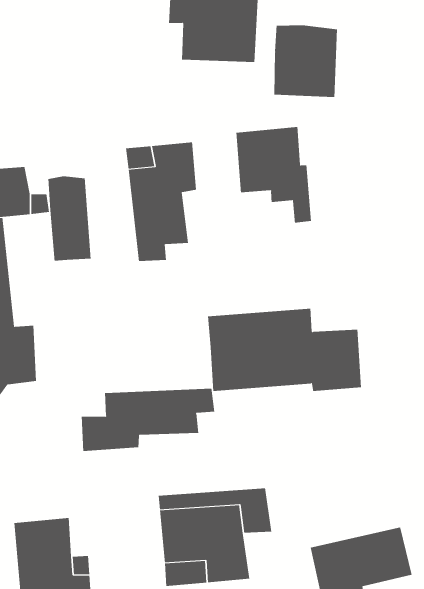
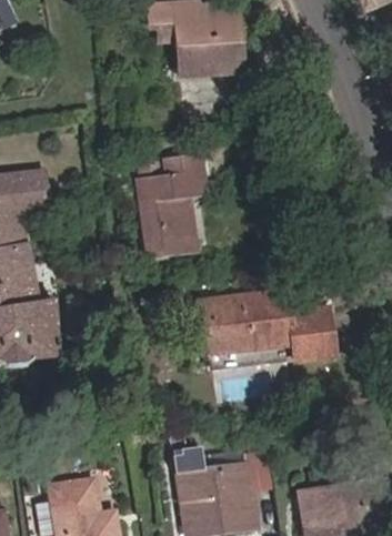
building: [274,25,338,98] -> none
building: [236,126,312,223] -> none
building: [48,176,91,261] -> none
building: [81,388,215,452] -> none

